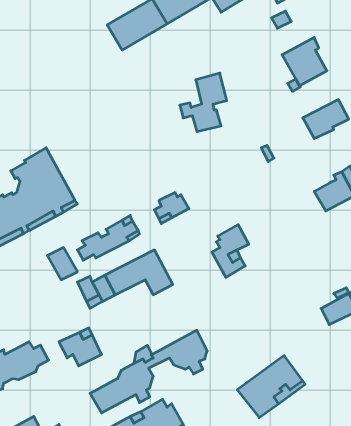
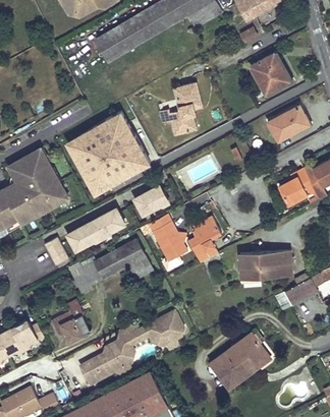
building: none -> [68,111,150,192]
building: none -> [141,215,186,272]
building: none -> [240,250,293,276]

